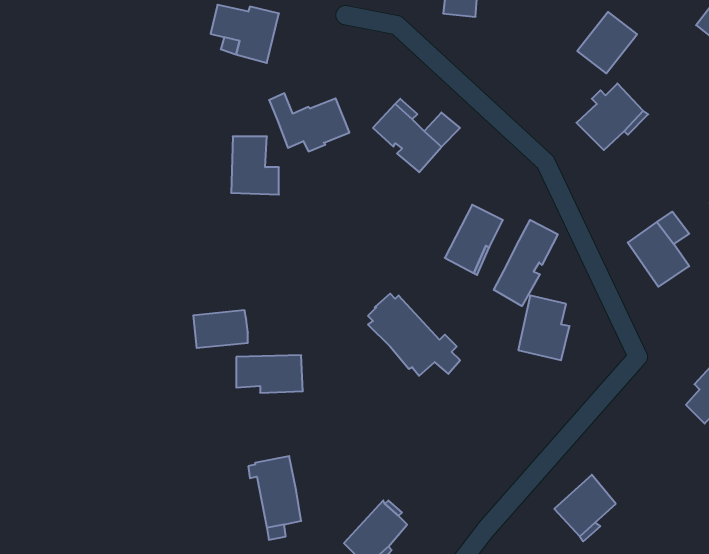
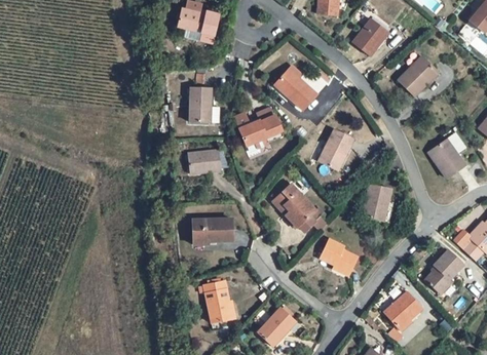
building: [577,12,637,73] -> [352,18,388,55]
building: [269,93,349,151] -> [235,112,284,147]
building: [494,220,558,306] -> none
building: [193,310,248,348] -> [188,150,221,172]
building: none -> [321,238,358,275]
building: none -> [425,249,463,293]

